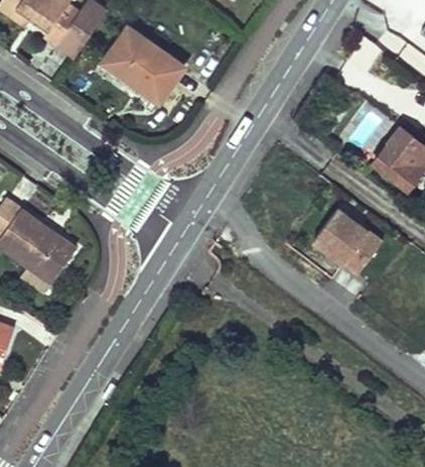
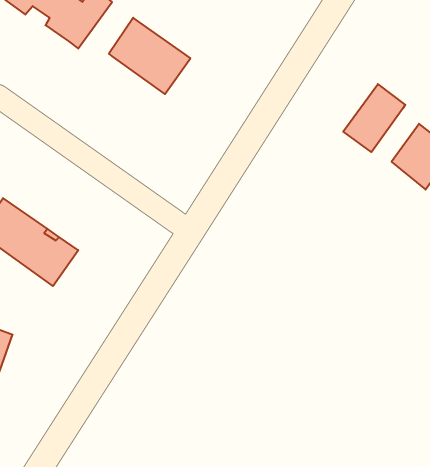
building: none -> [343,84,405,152]
building: [312,205,385,274] -> none

